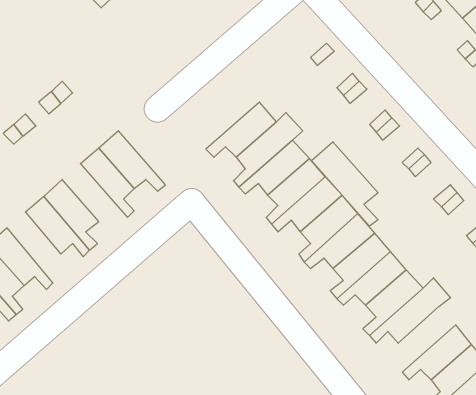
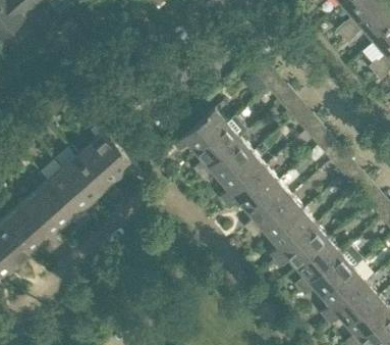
building: [312,142,378,226] -> none
building: none -> [61,156,112,203]
building: none -> [18,194,60,249]
building: none -> [321,267,368,318]

